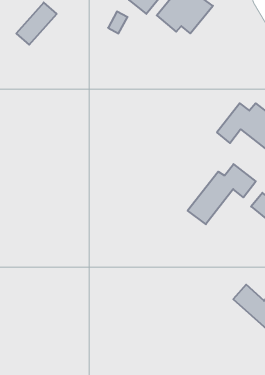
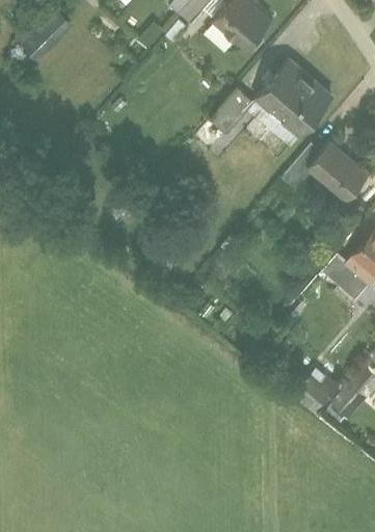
building: none -> [252,55,331,132]
building: none -> [212,87,256,135]
building: [188,164,256,224] -> none

